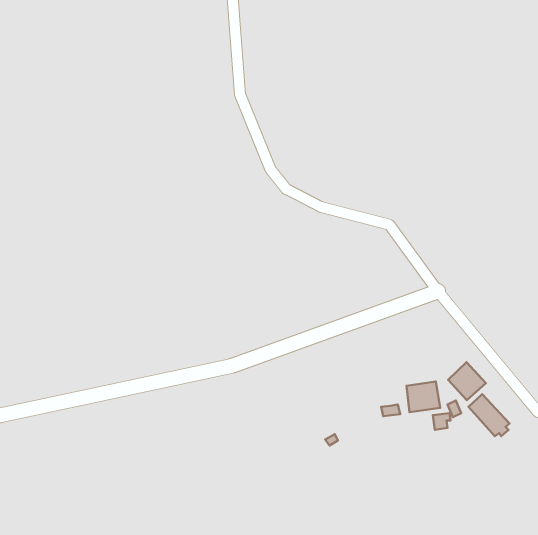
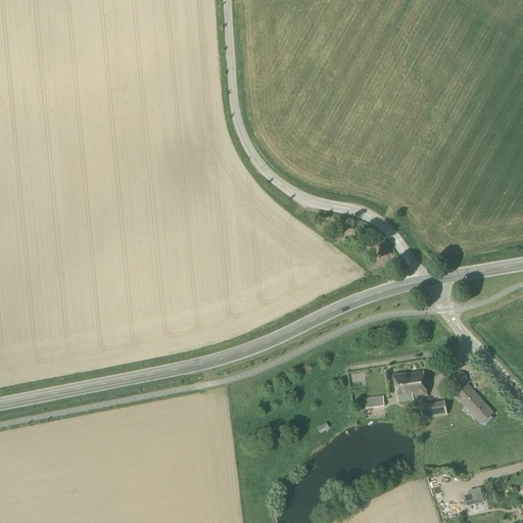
building: [448,362,486,400] -> none

